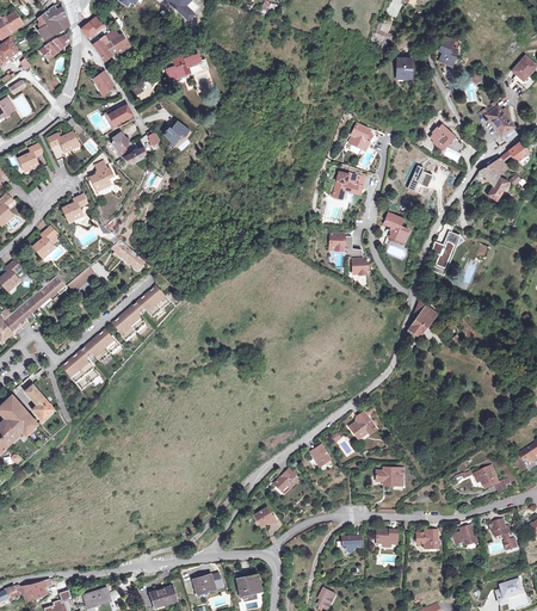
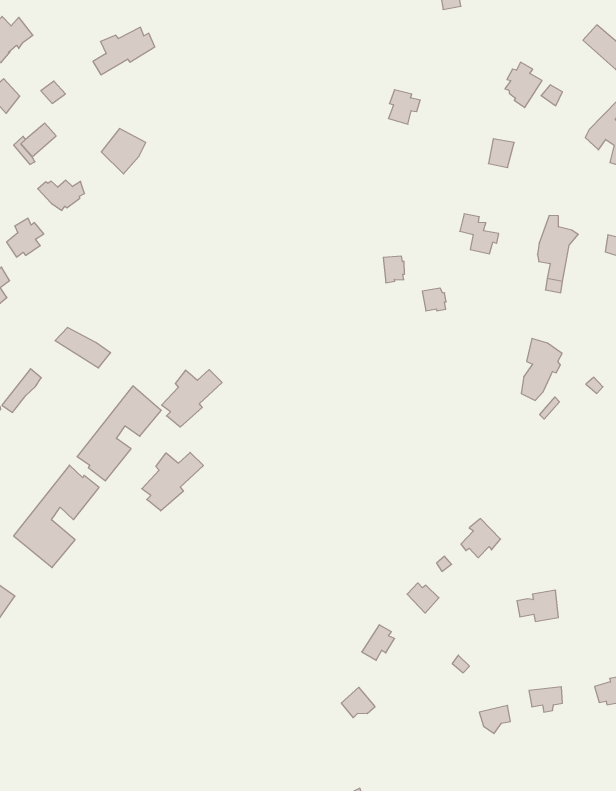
building: [332,171,364,196] -> none
building: none -> [162,370,222,427]
building: none -> [142,452,203,511]

